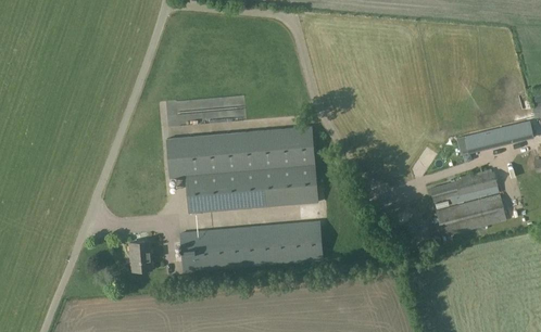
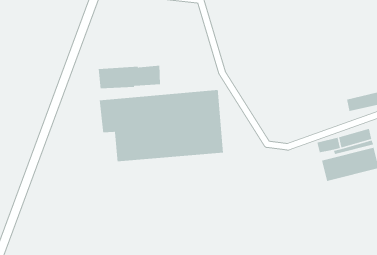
building: [180,220,324,271] -> none
building: [130,241,152,270] -> none

